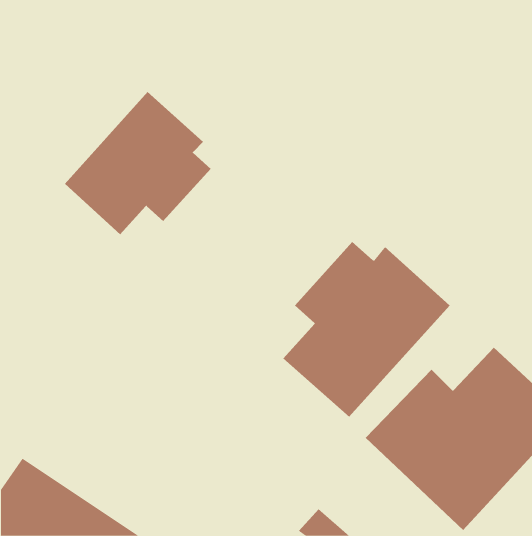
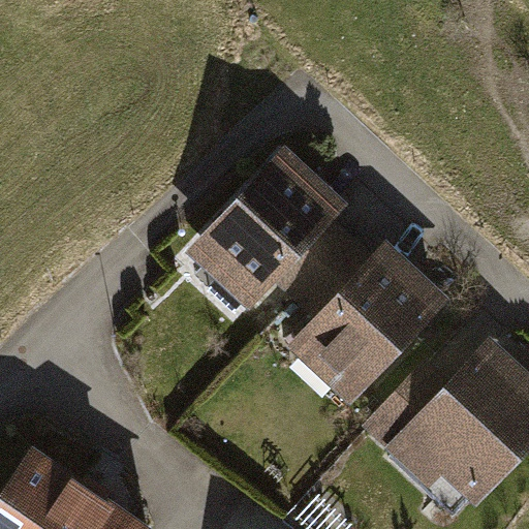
building: [64,91,211,235] -> none
building: none -> [187,148,352,312]

